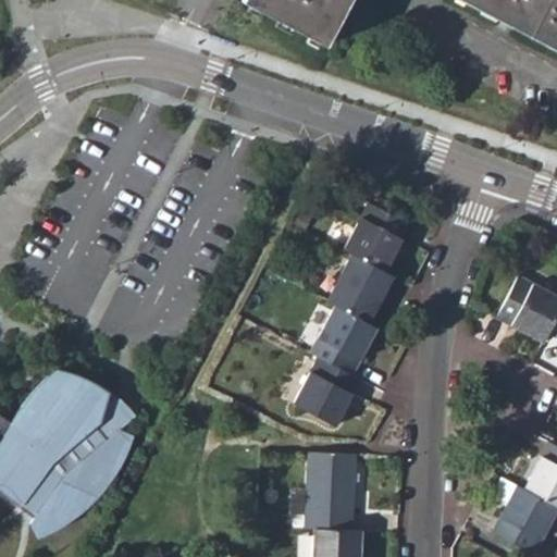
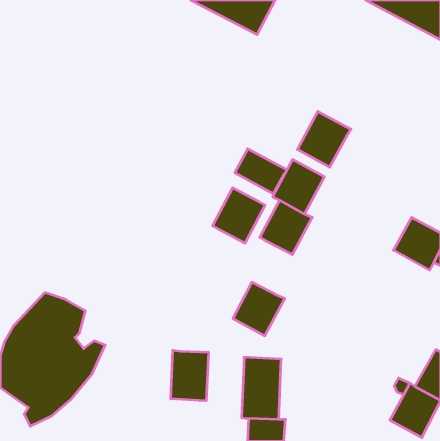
building: none -> [297,111,351,167]
building: none -> [235,149,287,194]
building: [311,304,377,373] -> [213,188,265,243]
building: none -> [171,350,208,401]

